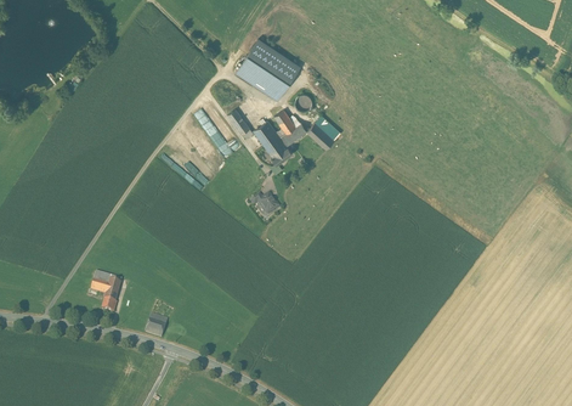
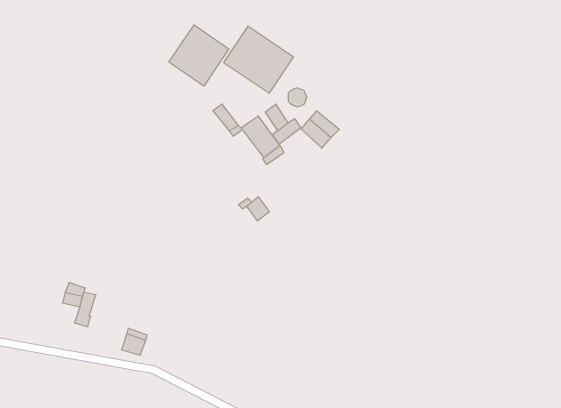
building: none -> [169,25,229,86]

